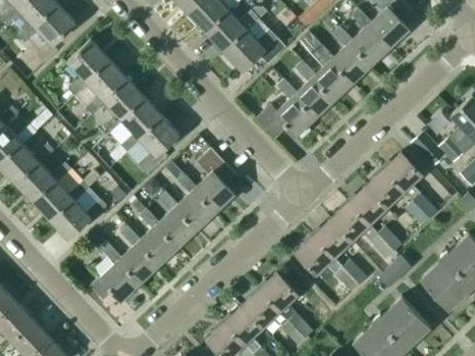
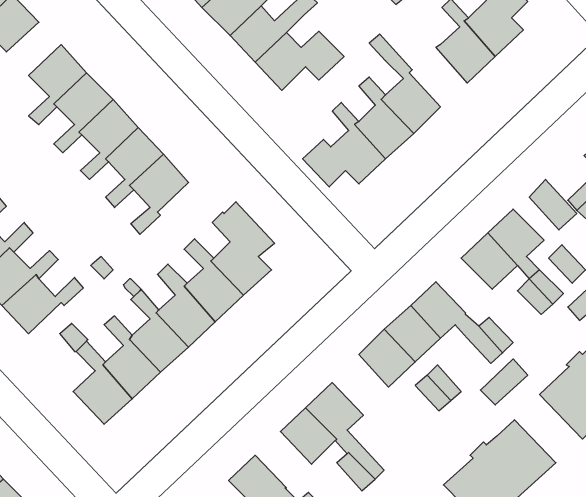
building: [330,26,370,82] -> none
building: [349,186,387,223] -> none
building: [224,305,263,344] -> none

